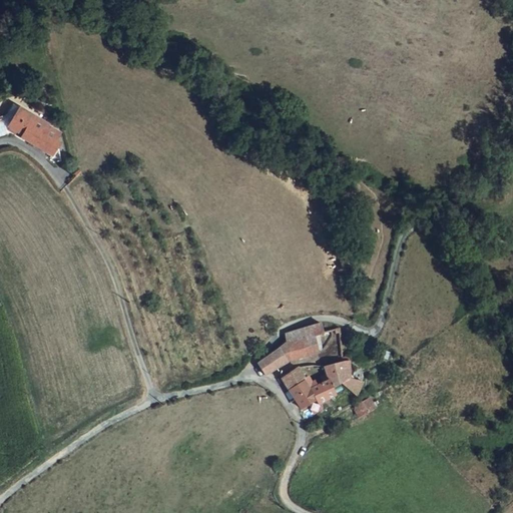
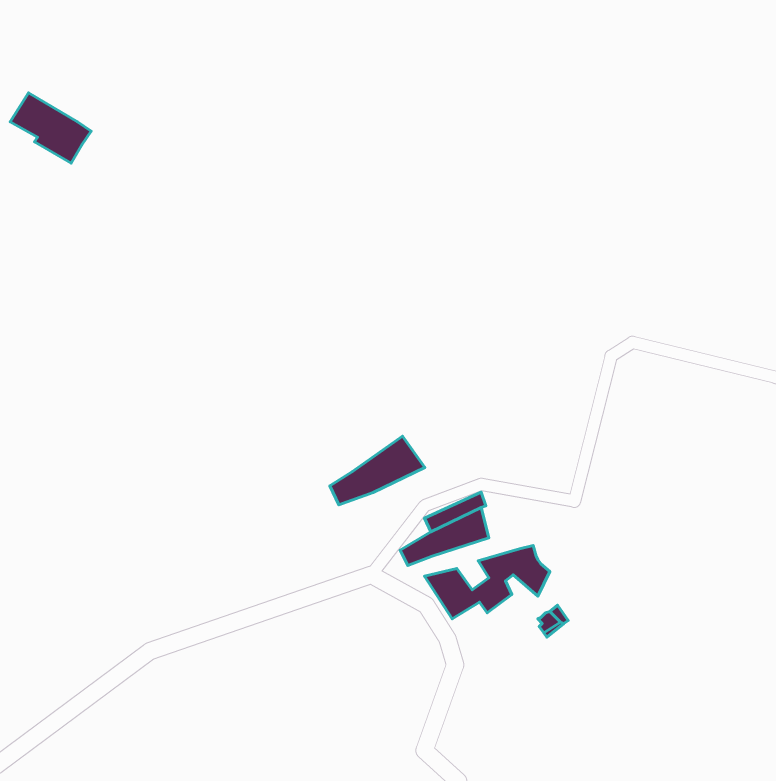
building: [10,108,63,154] -> [10,93,91,163]
building: none -> [330,436,425,505]

